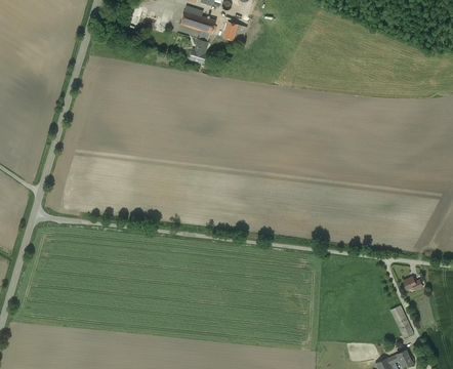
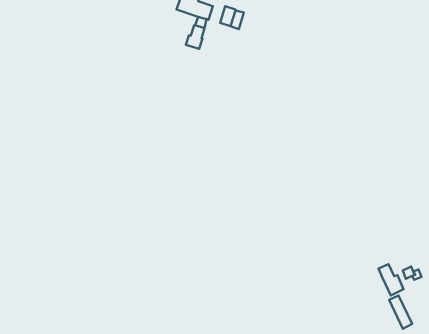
building: none -> [378,264,404,296]

